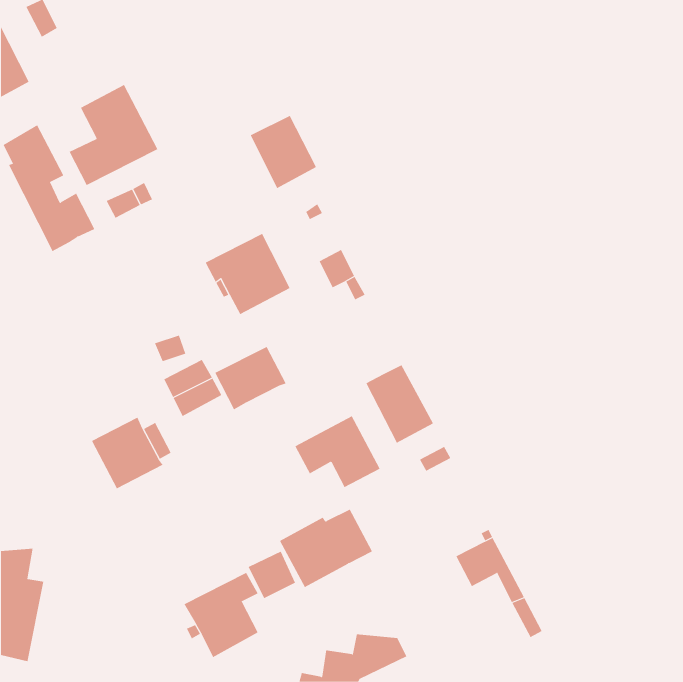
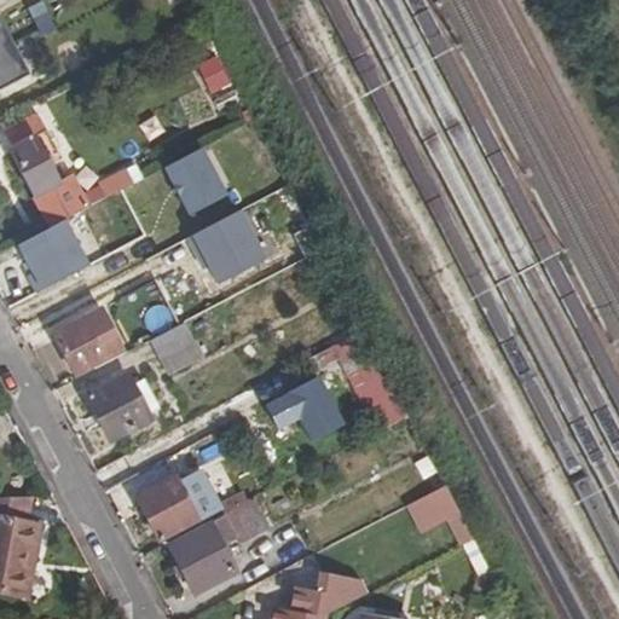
building: [69,84,158,186] -> none
building: [250,115,317,189] -> [164,147,225,214]
building: none -> [17,219,88,291]
building: none -> [51,308,123,375]
building: [214,346,286,410] -> none
building: [279,509,373,588] -> [134,468,219,539]

